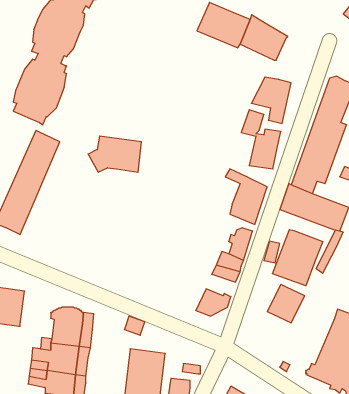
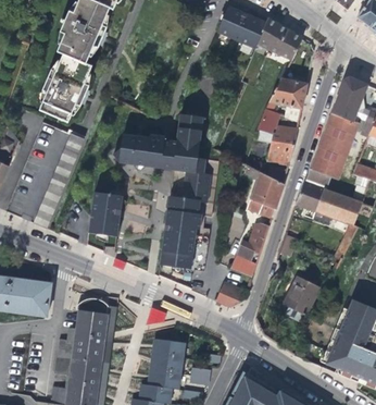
building: none -> [160,98,212,269]
building: none -> [88,187,125,237]
building: [273,230,323,286] -> none

